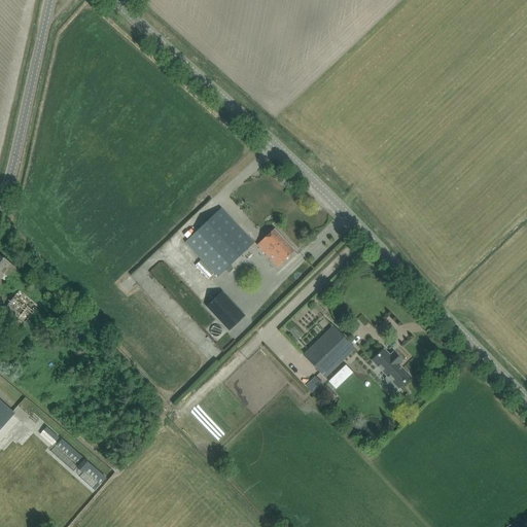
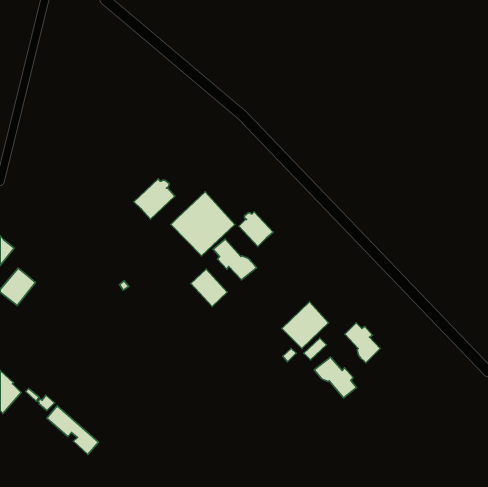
building: none -> [134,179,175,219]
building: none -> [213,239,257,280]
building: none -> [314,357,357,398]

